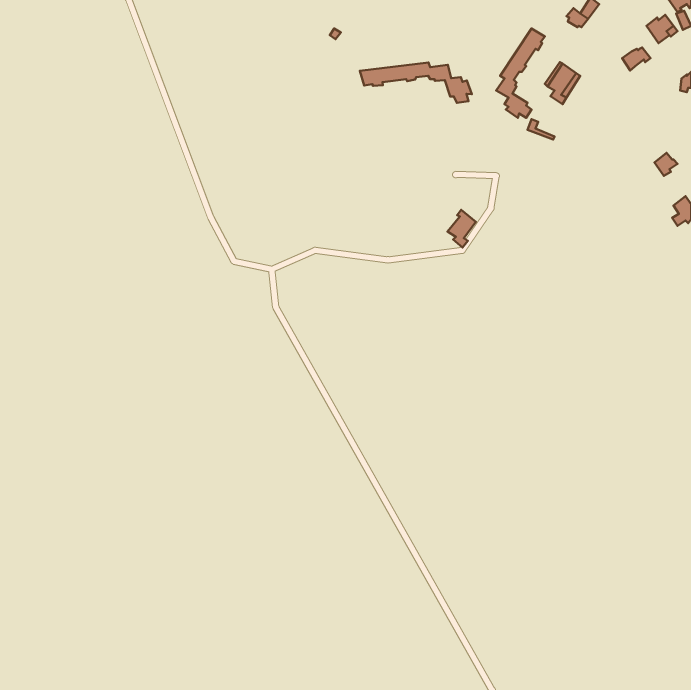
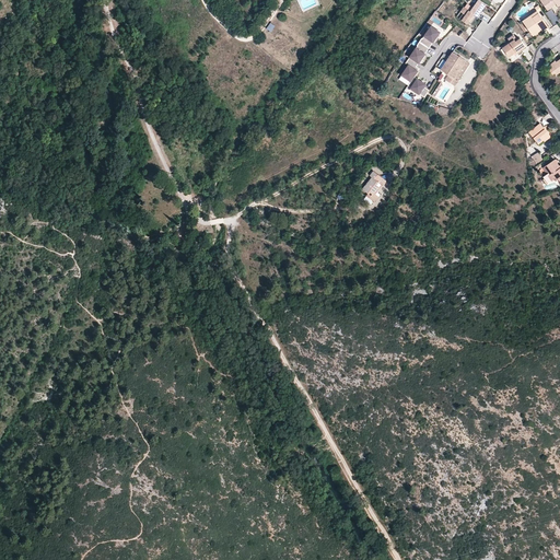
building: [360,63,472,103] -> none

